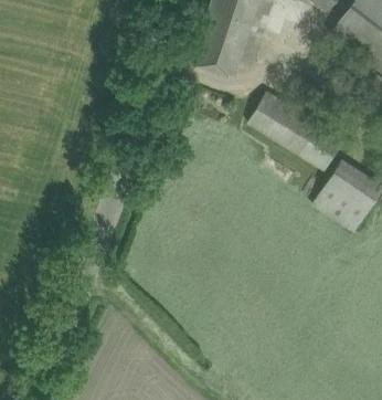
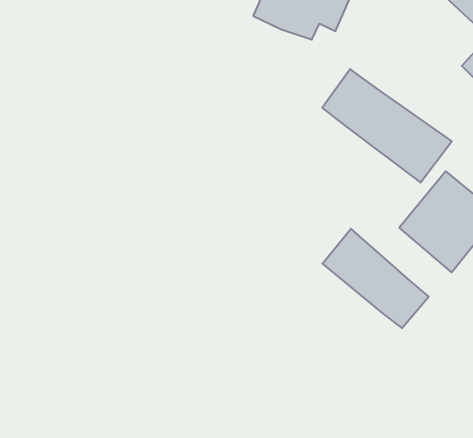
building: none -> [322,229,429,328]

